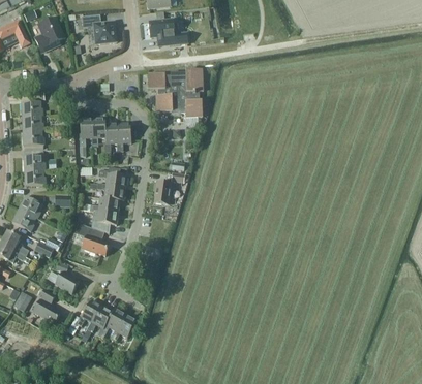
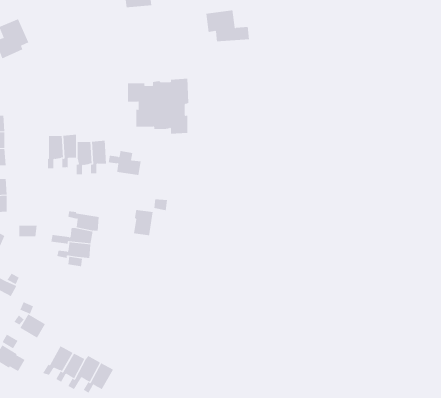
building: [82,14,116,44] -> none
building: [149,19,187,46] -> [206,10,250,42]
building: [98,167,127,189] -> [108,151,141,176]
building: [74,224,110,256] -> none

